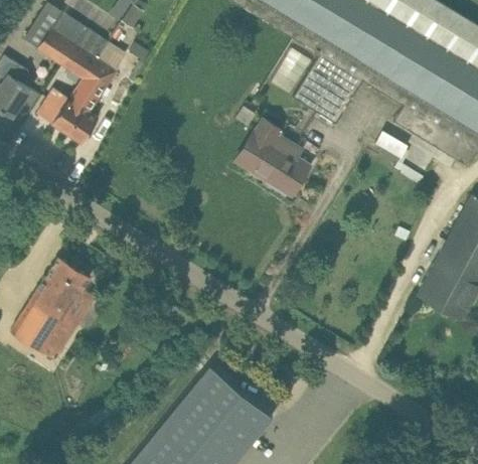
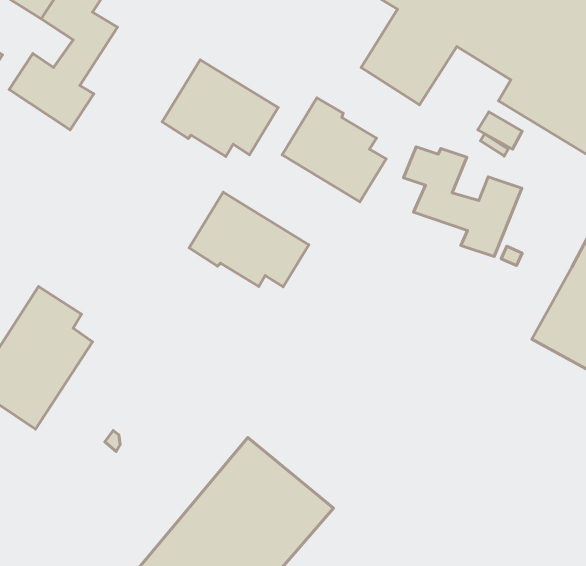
building: none -> [162,60,278,157]
building: none -> [404,147,522,256]
building: none -> [189,192,309,287]

